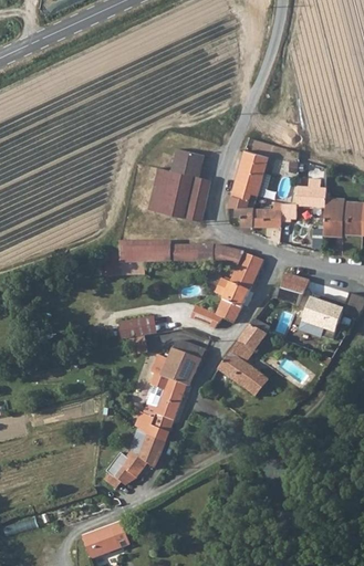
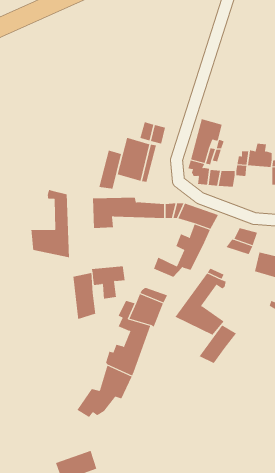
building: [183,179,209,223] -> [98,150,122,189]
building: none -> [31,189,69,258]
building: none -> [73,272,96,320]
building: none -> [199,324,237,364]

